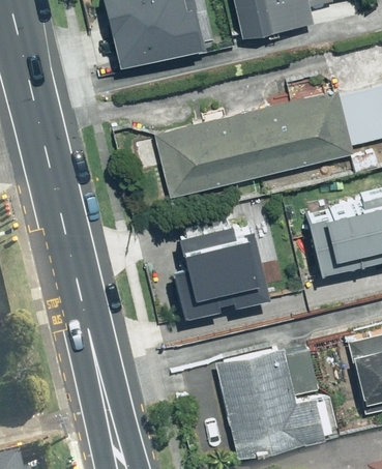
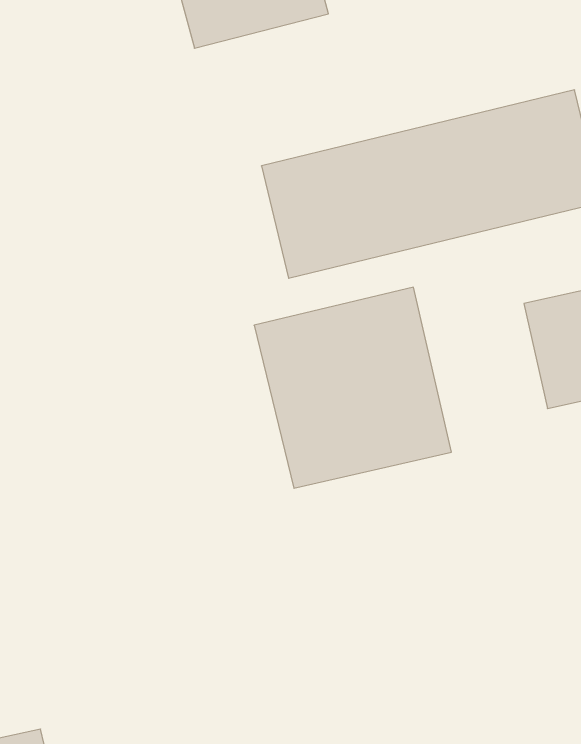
building: [218,344,337,463] -> none

